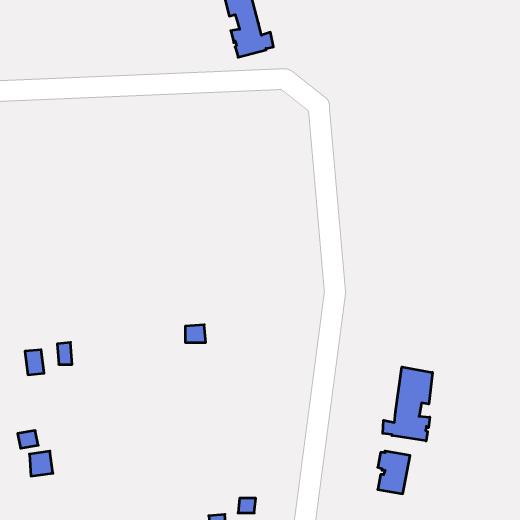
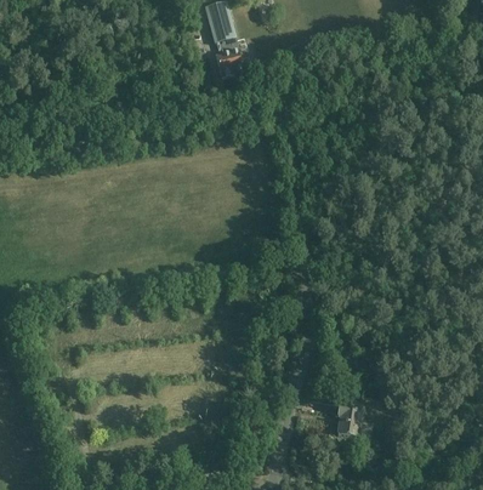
building: [383,367,432,441] -> none

